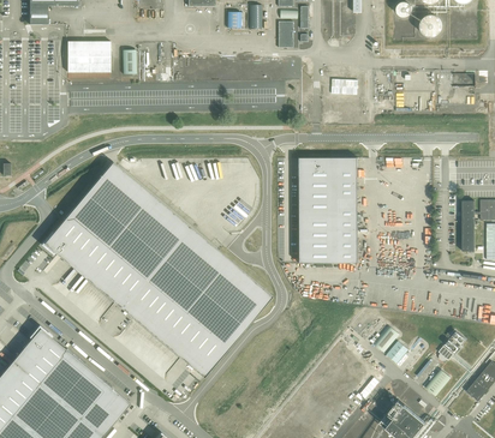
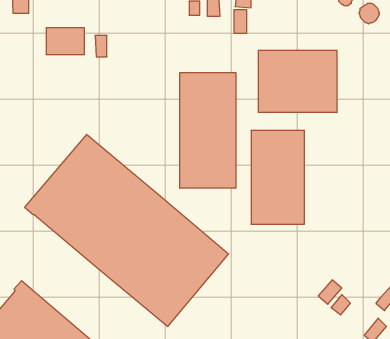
building: none -> [259,50,337,113]
building: none -> [180,73,236,188]

